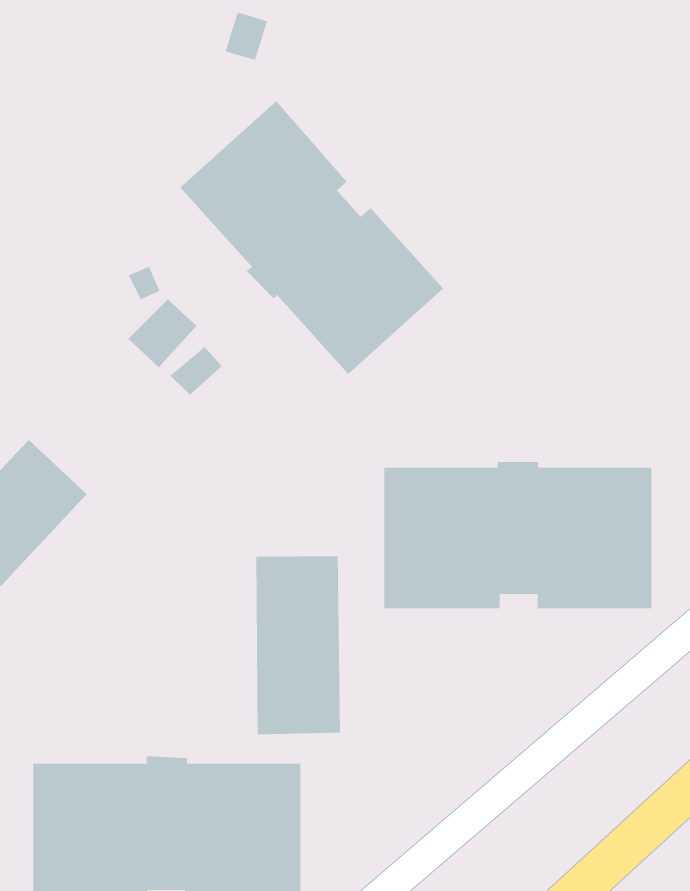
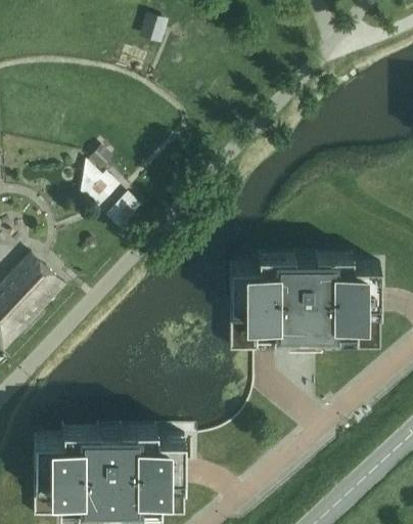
building: [180,100,444,375] -> none
building: [256,555,341,735] -> none

